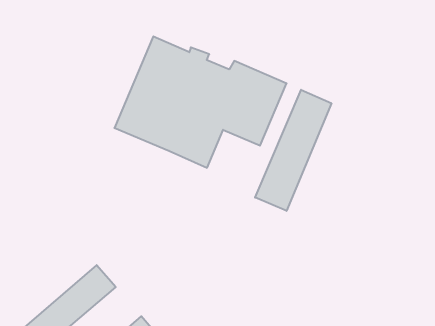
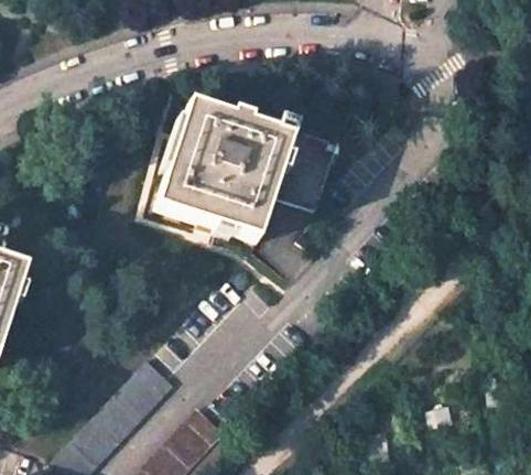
building: [255,90,331,211] -> none

